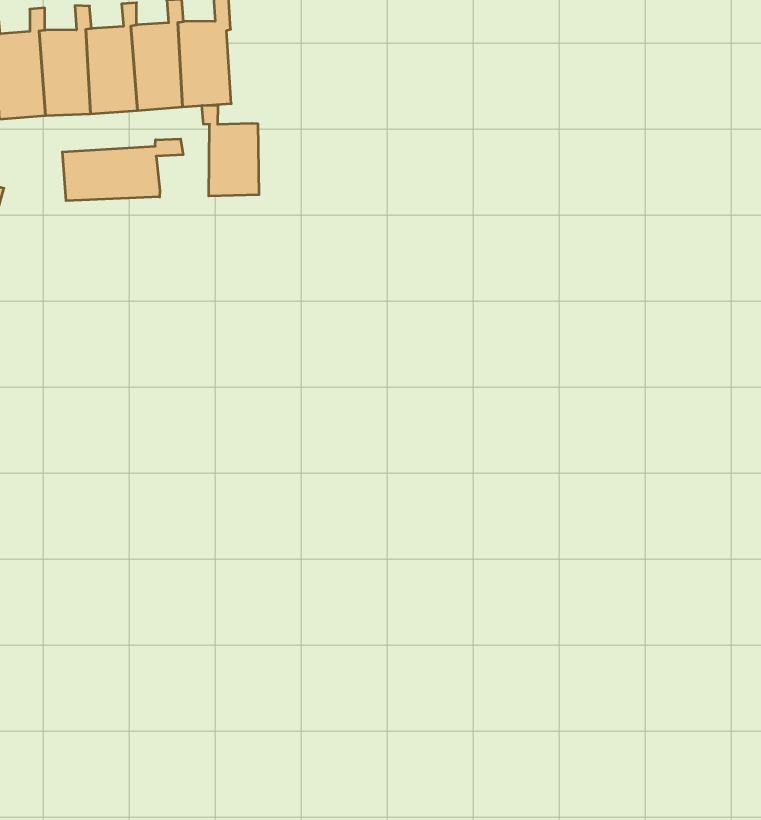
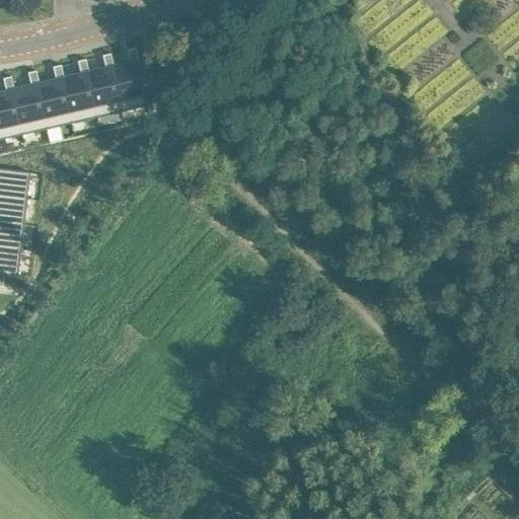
building: [202,105,259,196] -> none
building: [62,139,183,201] -> none

